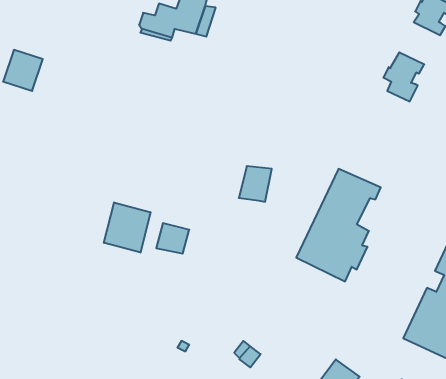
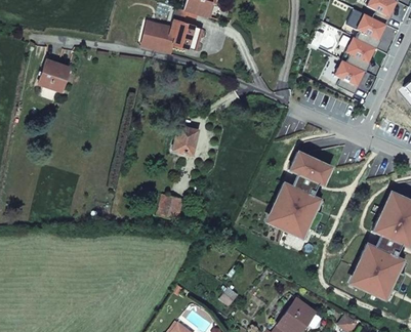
building: none -> [343,38,375,72]
building: [239,166,272,202] -> [172,126,198,154]
building: [104,202,150,253] -> none

